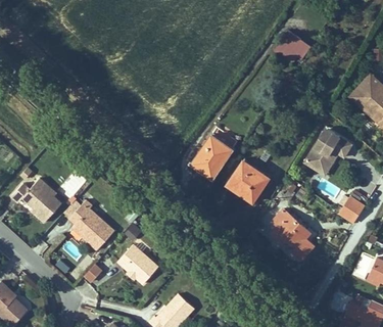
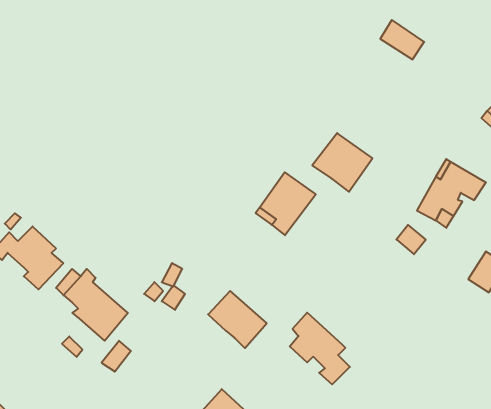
building: [232,165,274,205] -> [312,133,372,192]
building: [279,213,321,263] -> [290,313,350,384]
building: [118,244,159,284] -> [208,291,267,348]

